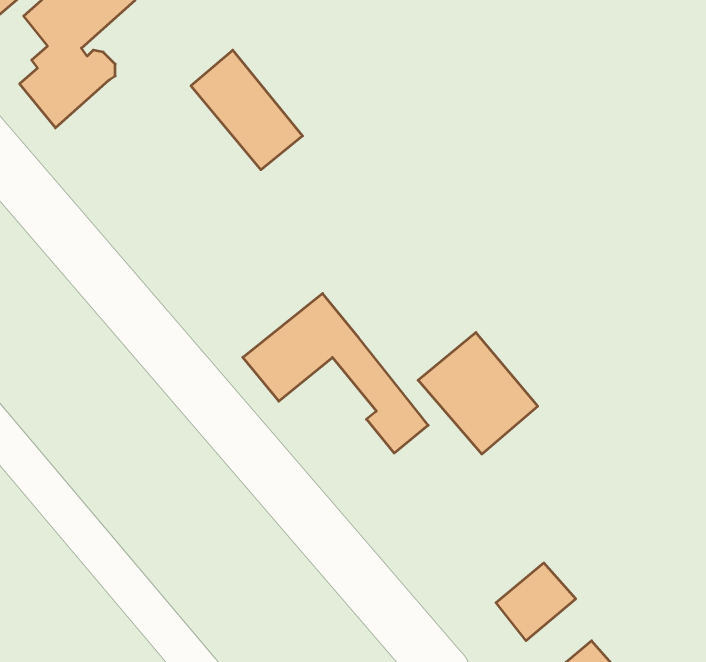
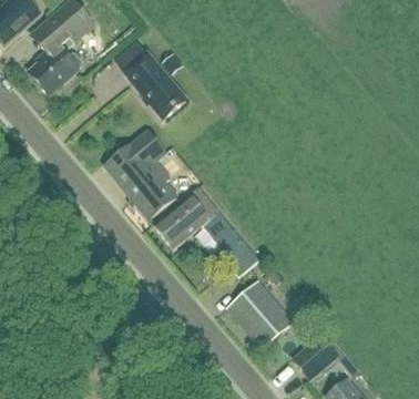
building: none -> [104,130,176,219]
building: [418,332,538,454] -> [226,280,293,348]

